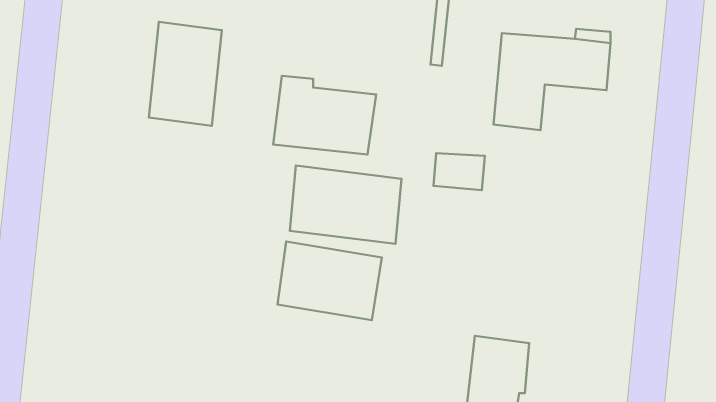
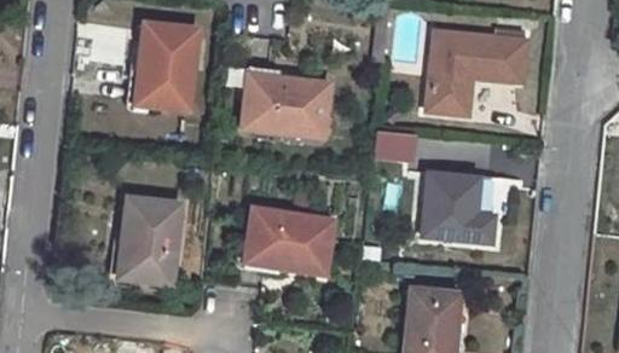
building: [290,166,401,244] -> none
building: none -> [422,172,494,243]
building: none -> [118,196,180,283]

